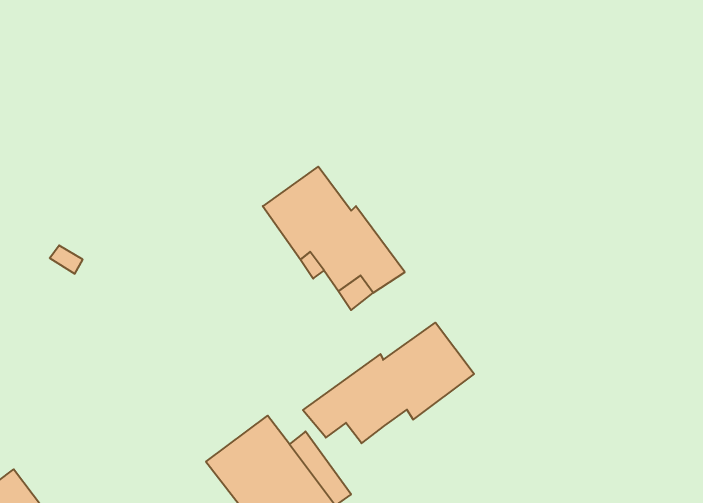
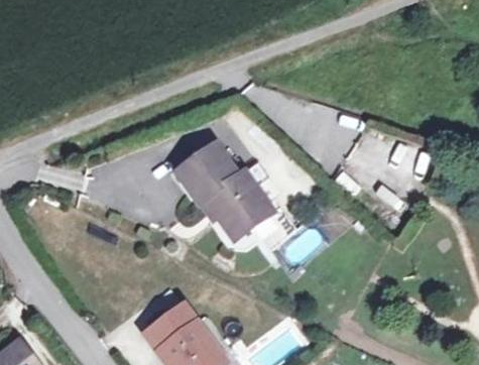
building: [303,323,474,443] -> none

